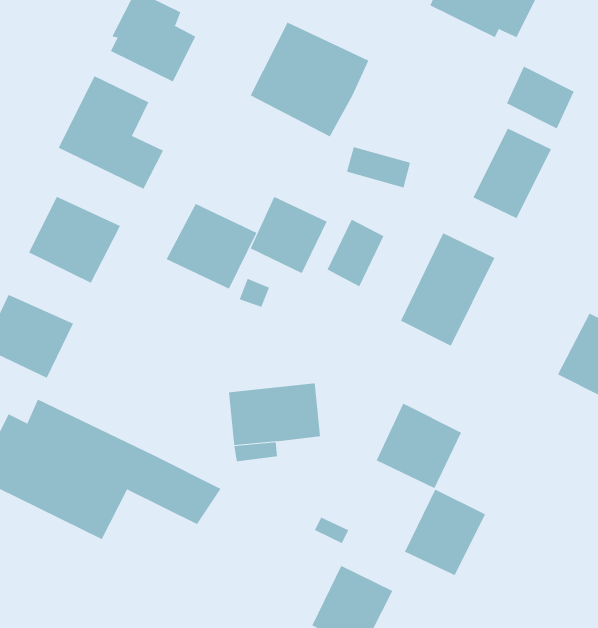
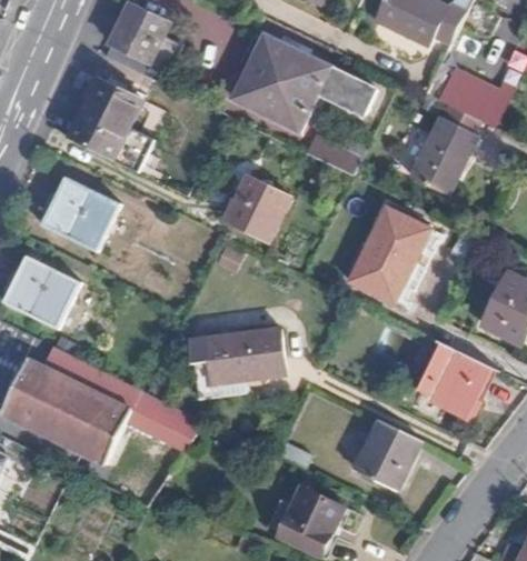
building: none -> [310,64,376,118]
building: [166,203,257,289] -> none
building: [327,219,384,287] -> none
building: [376,403,462,489] -> [421,343,493,414]

